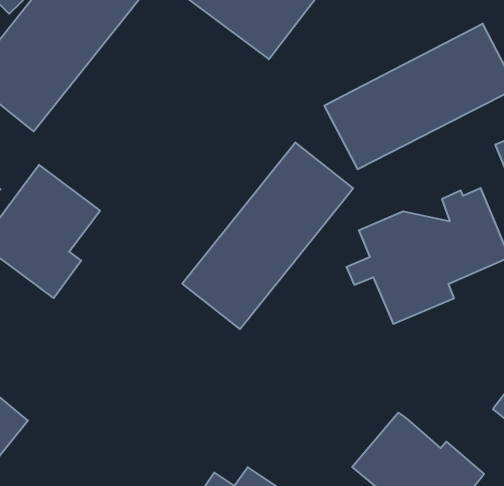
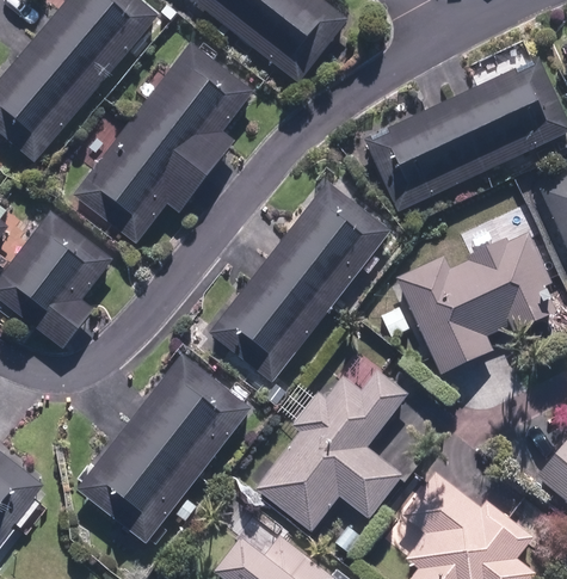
building: none -> [75,43,257,242]
building: none -> [78,353,249,541]
building: none -> [255,365,409,530]

